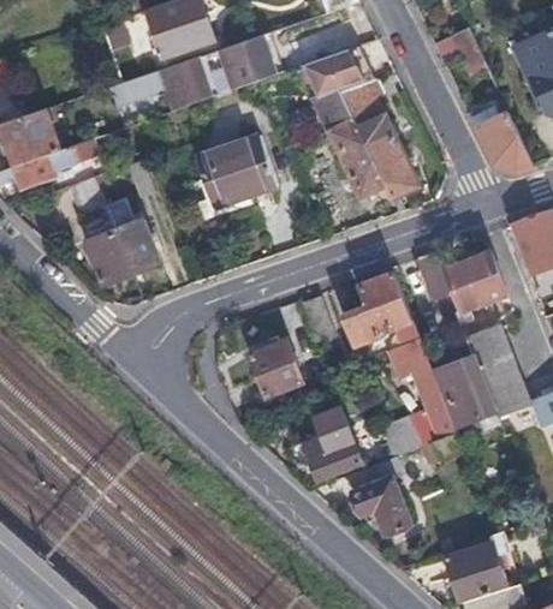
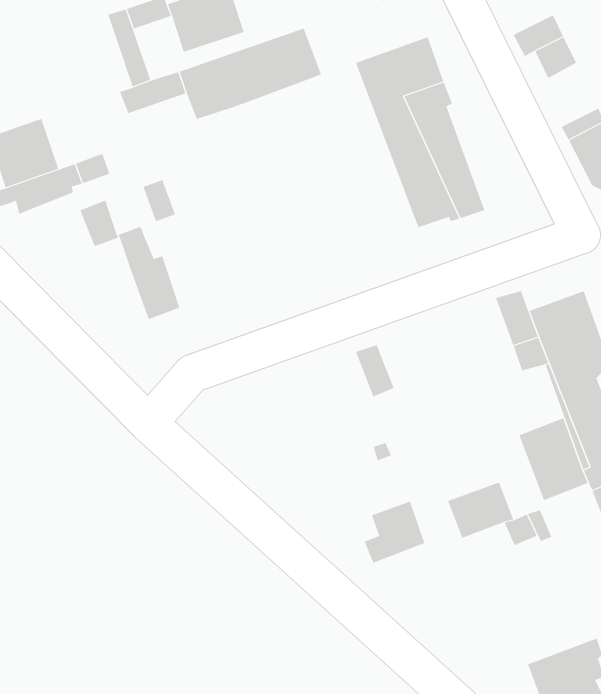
building: [191,142,273,210] -> none
building: [88,232,131,286] -> none
building: [357,273,441,402] -> none
building: [249,339,302,395] -> none
building: [346,458,410,531] -> none

